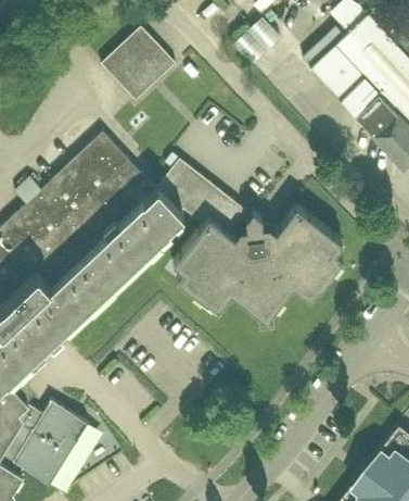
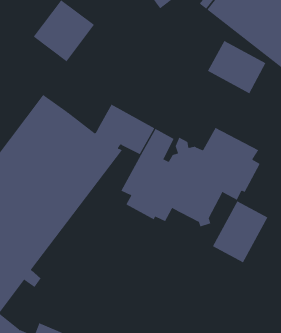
building: none -> [207,40,266,94]
building: none -> [212,200,268,263]

